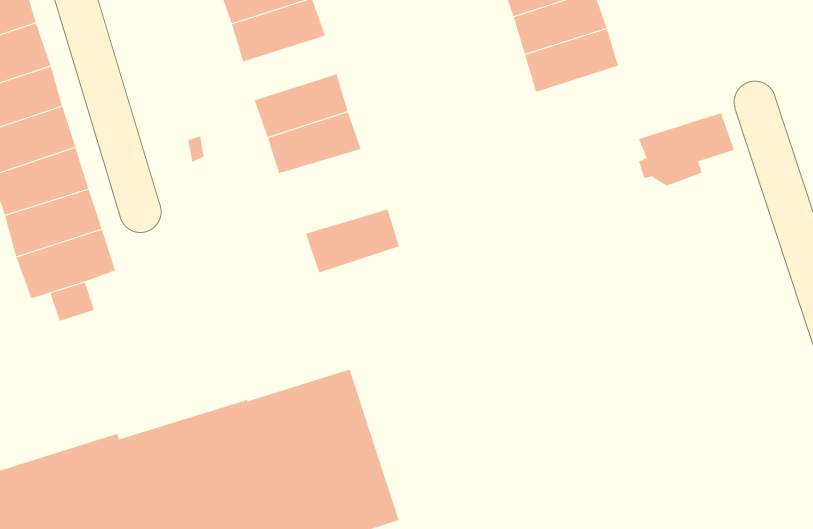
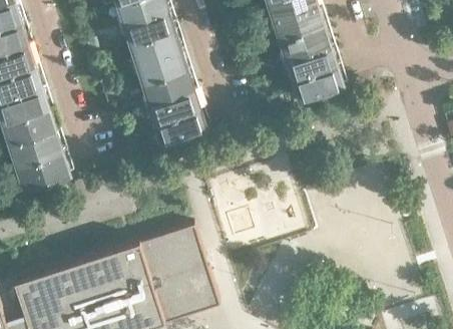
building: none -> [136,48,186,82]
building: [638,112,735,186] -> [292,64,343,103]
building: [305,209,400,273] -> [155,108,205,142]

